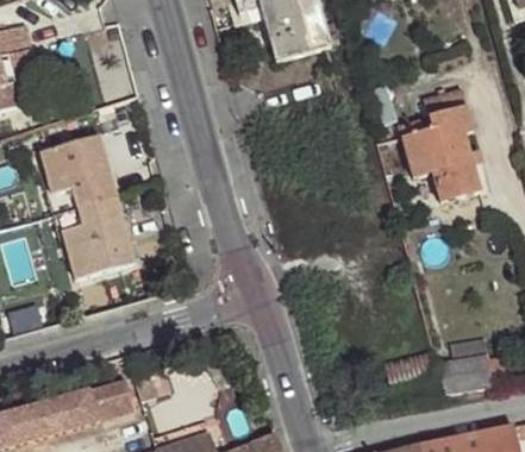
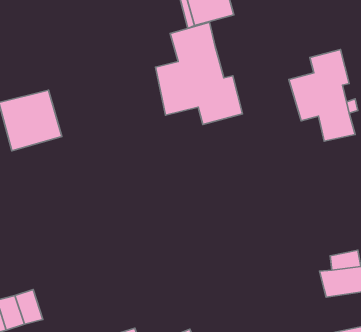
building: none -> [156,22,243,124]
building: [57,195,136,278] -> none
building: [83,372,136,421] -> none

